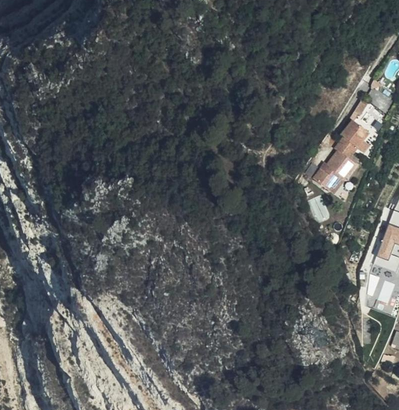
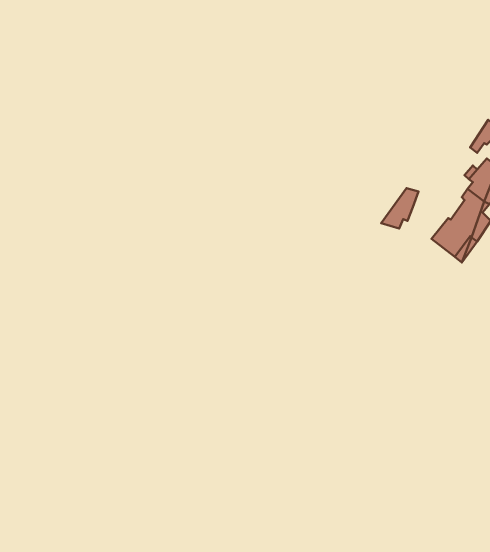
building: none -> [381,188,419,228]

